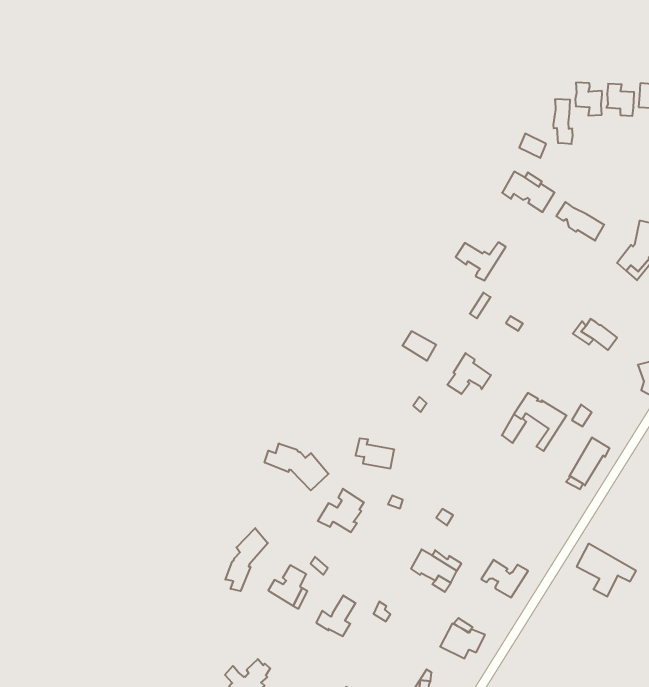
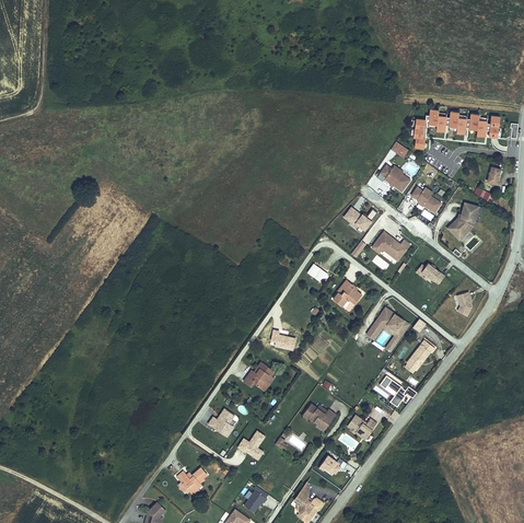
building: none -> [372,231,410,260]
building: [265,443,329,490] -> none
building: [225,528,268,591] -> none
building: [577,544,636,597] -> [379,371,417,406]

